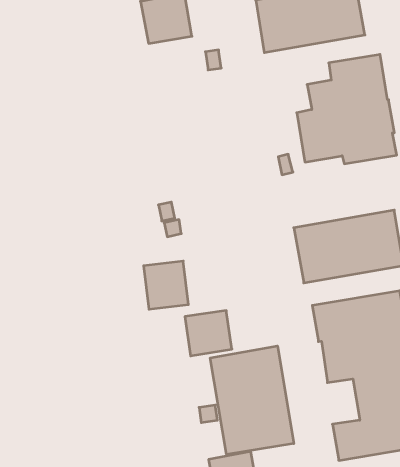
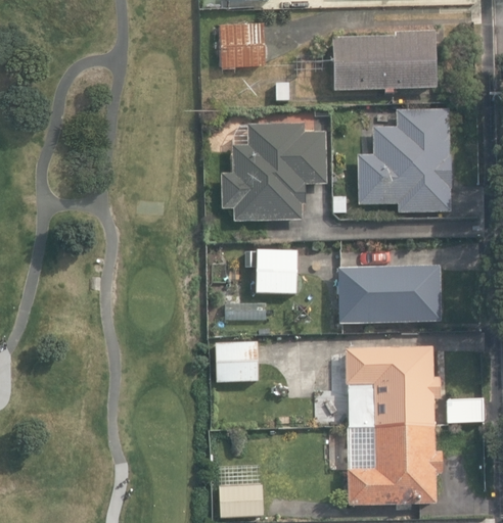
building: none -> [221,121,326,221]
building: [144,261,188,309] -> [256,248,296,293]
building: [210,346,294,454] -> none

